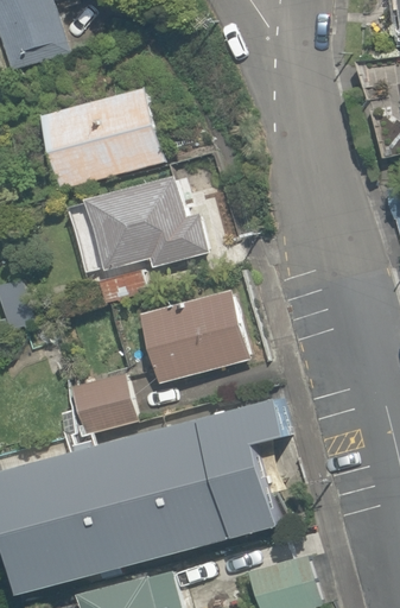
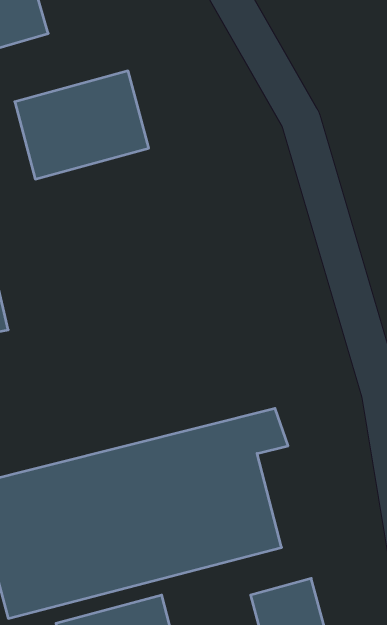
building: [65,179,208,274] -> none
building: [142,292,245,384] -> none
building: [74,370,136,433] -> none

